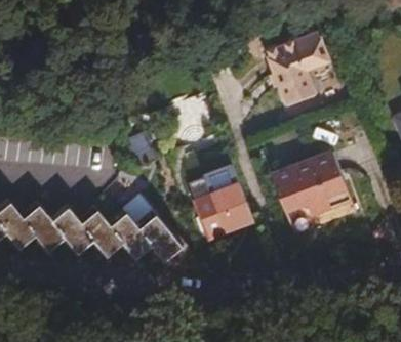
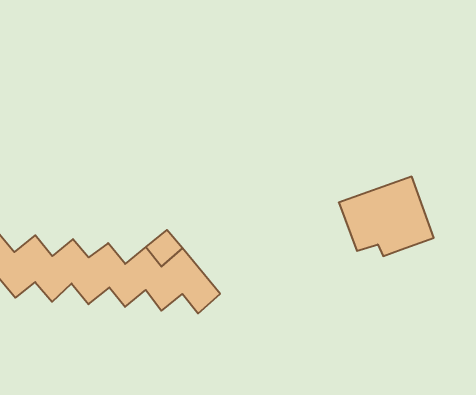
building: [266,34,330,105] -> none
building: [191,182,252,238] -> none

